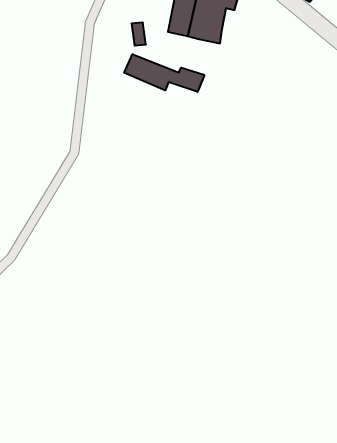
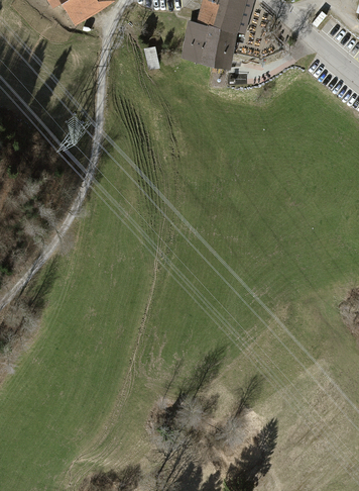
building: [124,54,204,92] -> none

